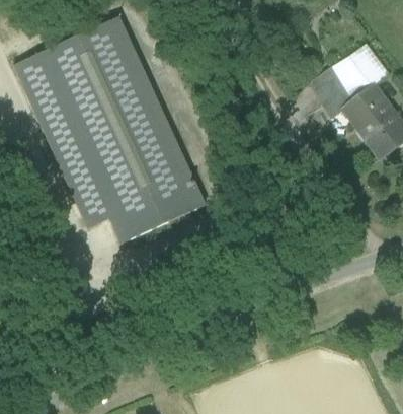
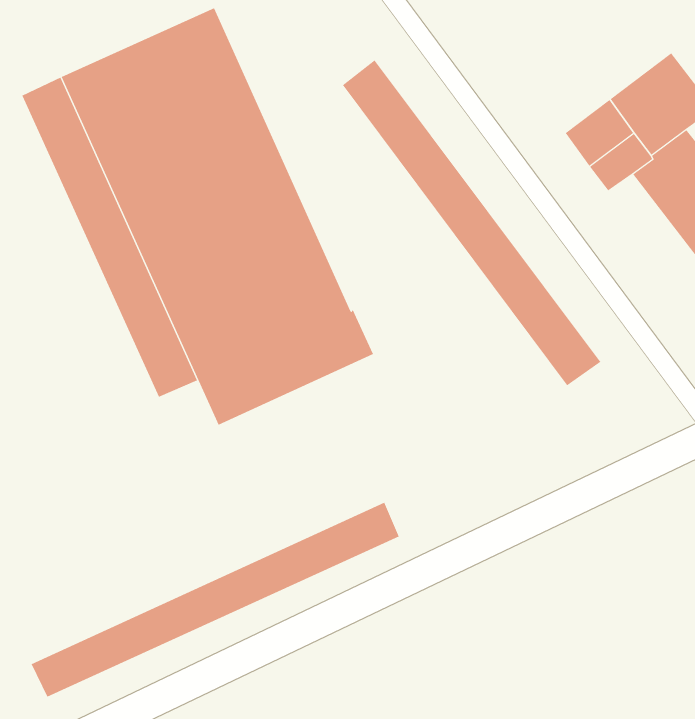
building: none -> [342,59,601,386]
building: none -> [31,502,399,698]

